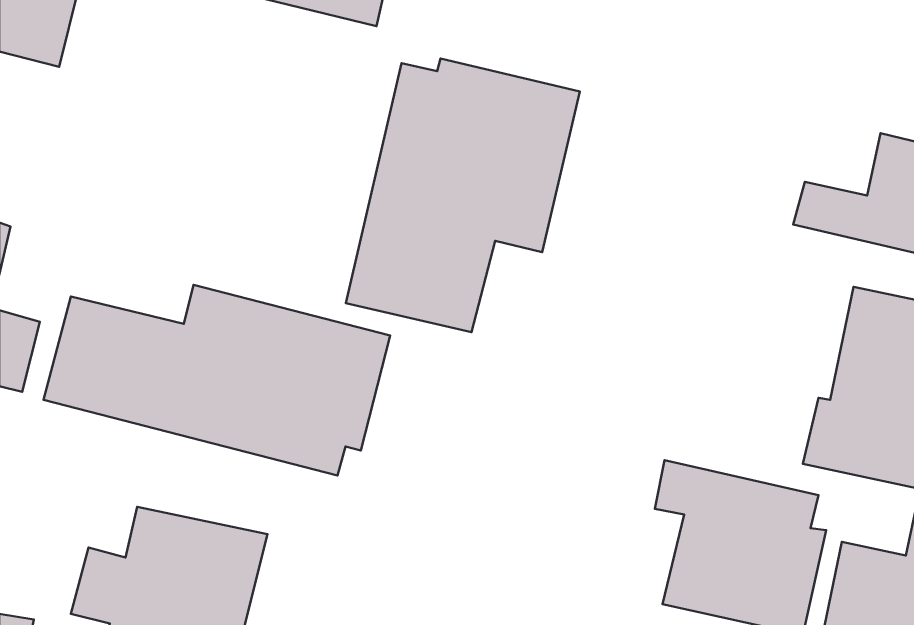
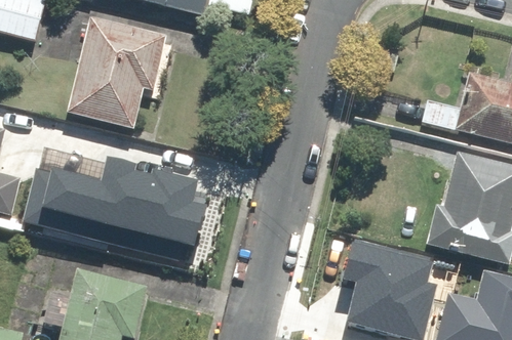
building: none -> [66,19,172,130]
building: [346,59,580,332] -> none

